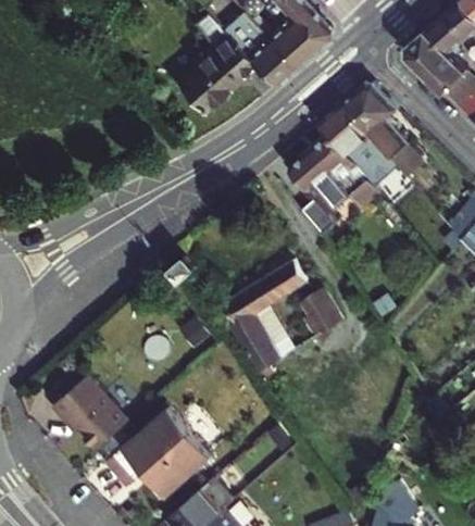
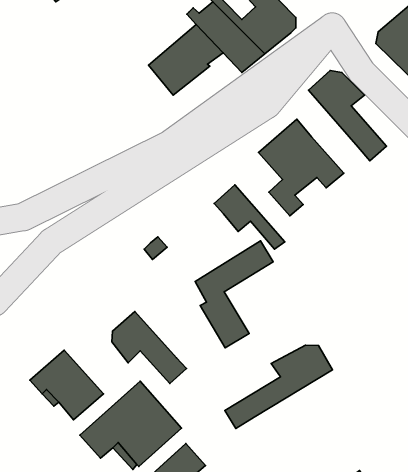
building: [322,103,396,171] -> [214,185,285,249]
building: [303,289,341,337] -> none
building: none -> [112,312,186,384]
building: none -> [225,345,332,429]

